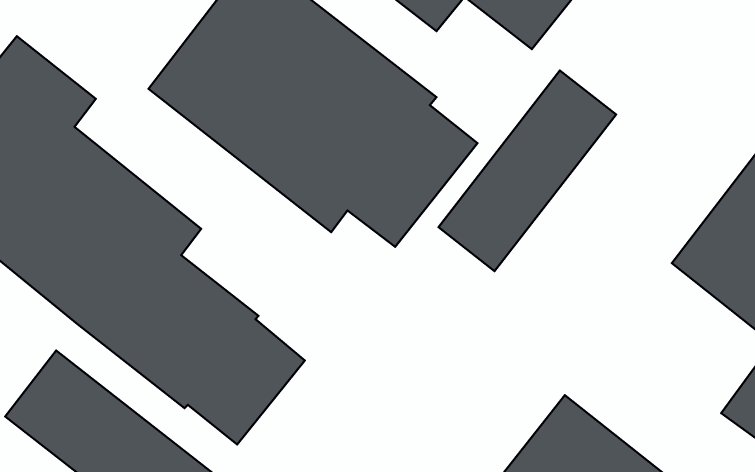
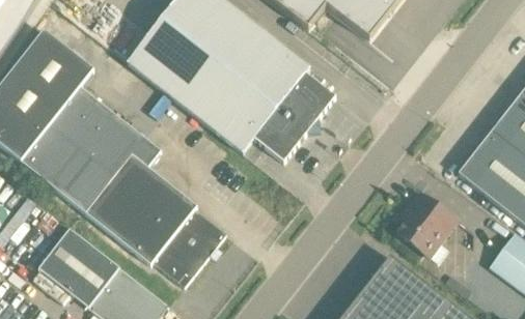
building: [438,71,616,271] -> none
building: none -> [397,192,458,253]

